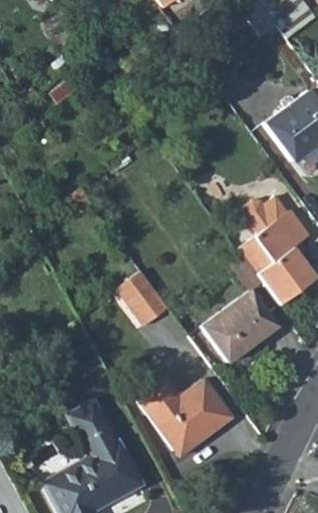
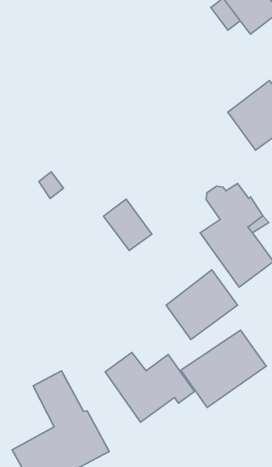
building: [118,269,170,323] -> [103,199,152,250]
building: none -> [181,330,266,408]

